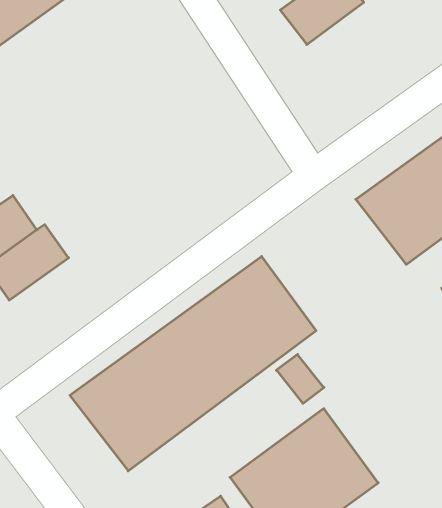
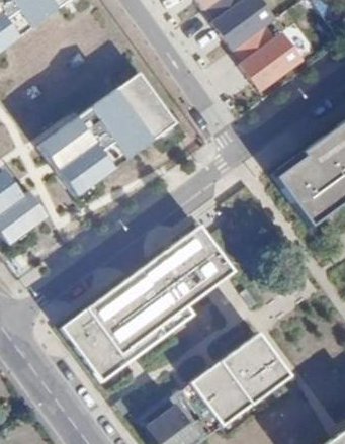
building: none -> [244,36,307,94]
building: none -> [37,74,175,203]

